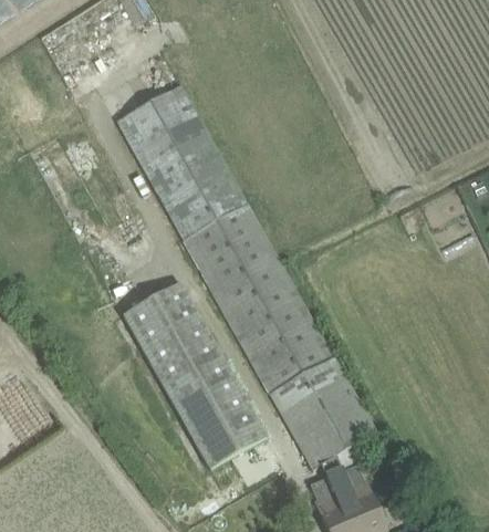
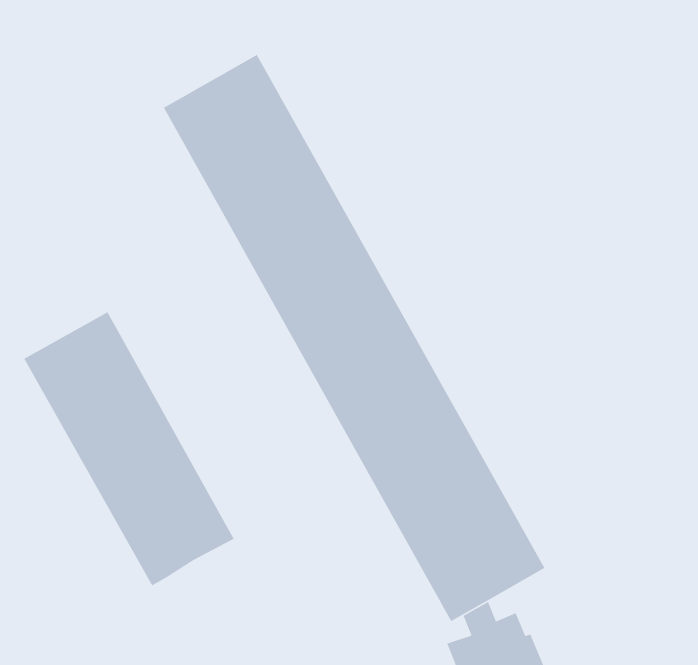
building: [123,281,267,468] -> [23,311,235,586]

